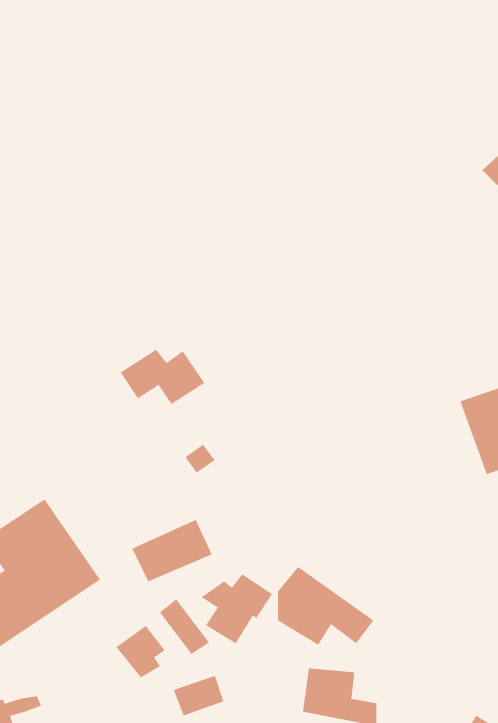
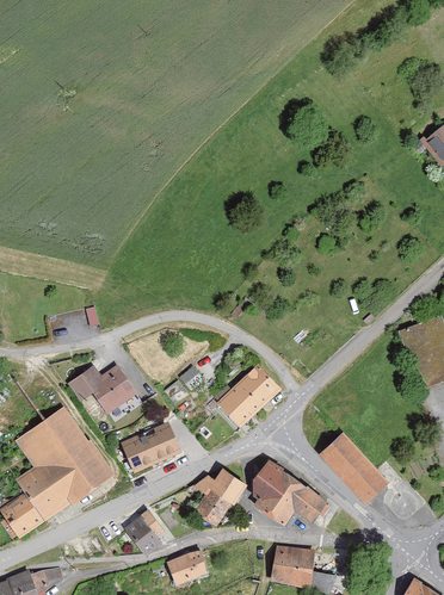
building: [120,349,205,405] -> [64,362,134,408]
building: none -> [216,366,278,427]
building: none -> [320,430,393,506]
building: [159,599,210,655] -> none

